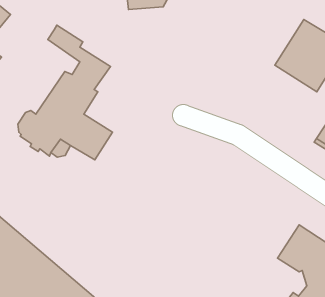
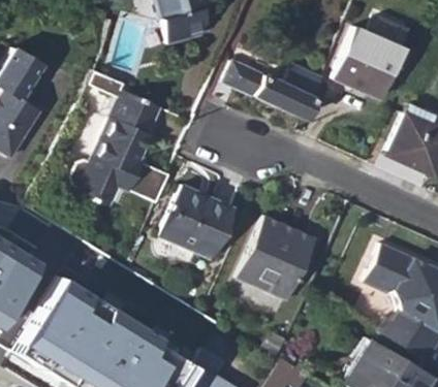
building: none -> [224,60,321,118]
building: none -> [158,182,237,260]
building: none -> [238,214,318,300]

